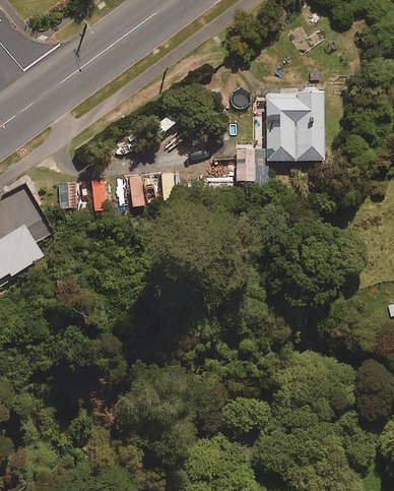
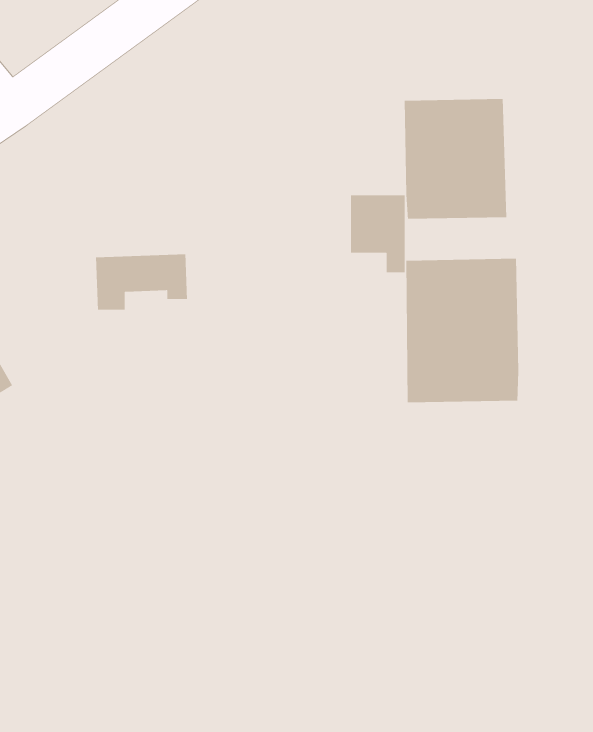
building: none -> [405,258,519,403]

